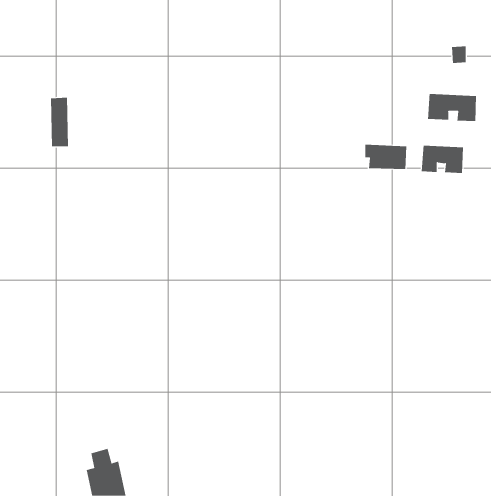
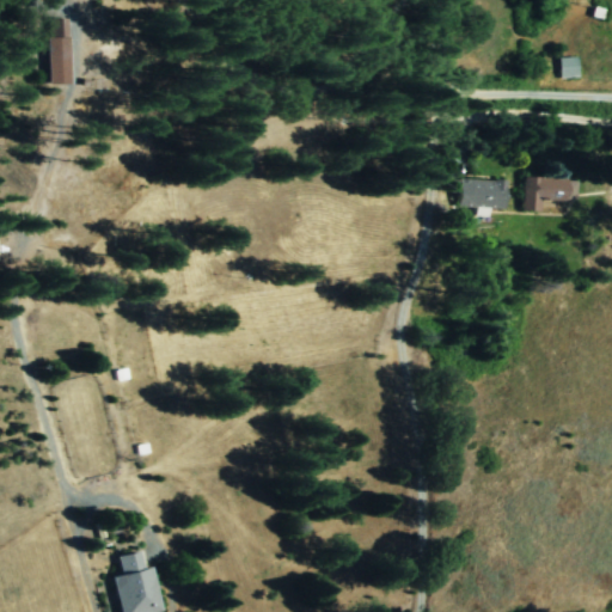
building: [428,93,476,122] -> none
building: [50,97,69,147] -> [49,22,72,82]

